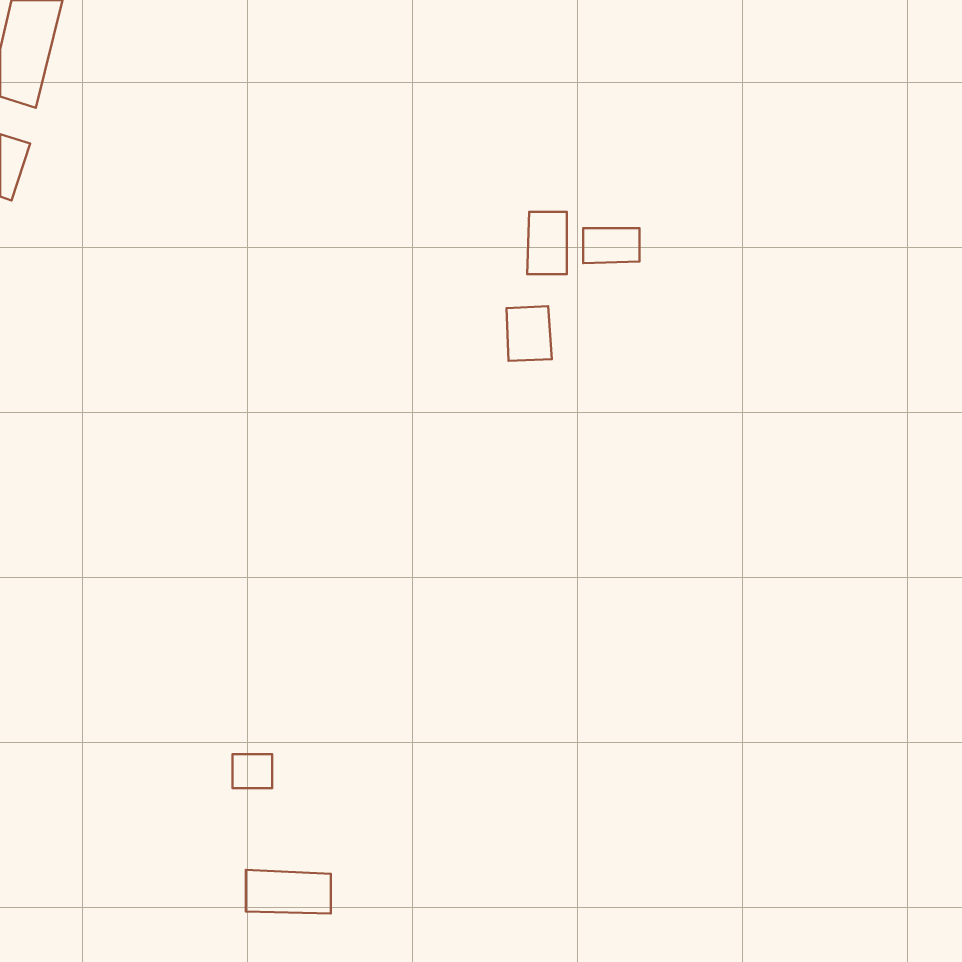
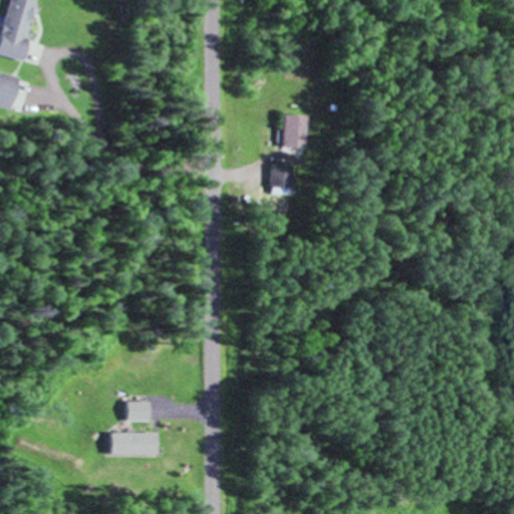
building: [583,228,640,263] -> none
building: [246,870,331,913] -> [108,433,154,456]

